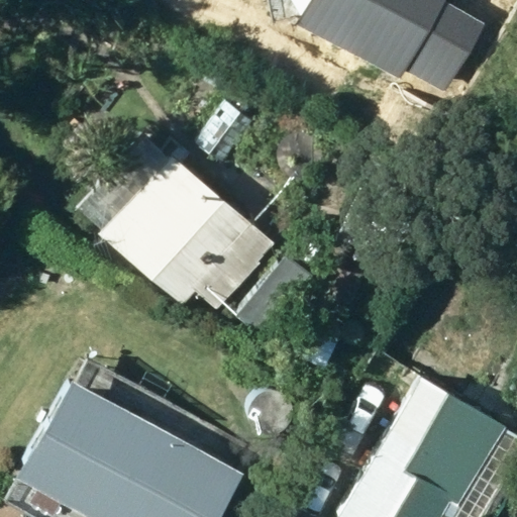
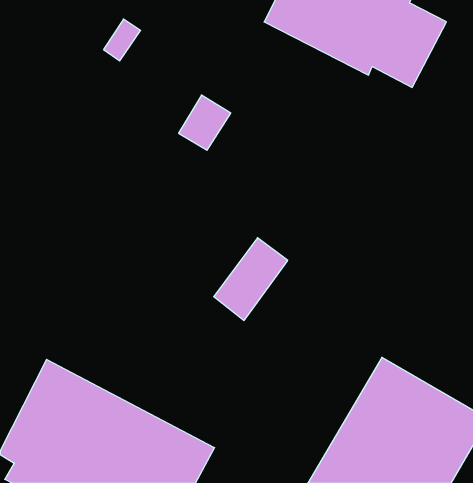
building: [92,143,278,310] -> none

